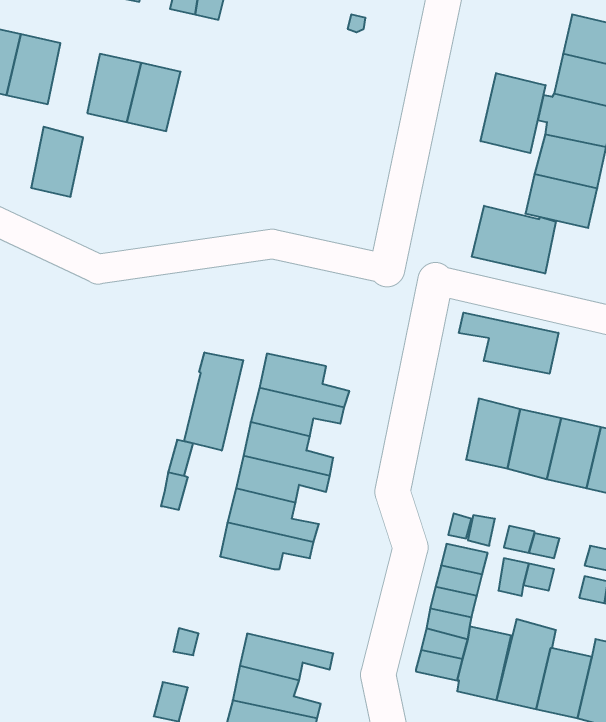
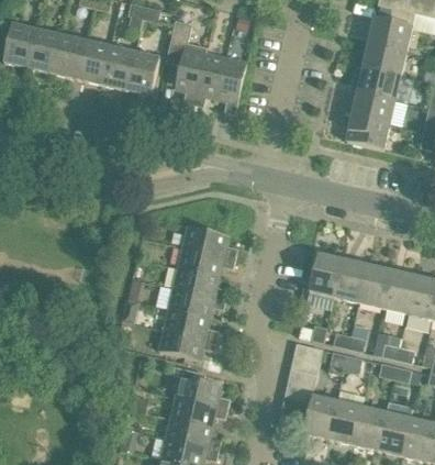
building: none -> [168,20,247,114]
building: none -> [126,53,160,95]
building: [481,73,546,153] -> none
building: [31,127,83,197] -> [54,35,86,78]
building: [472,206,556,274] -> none
building: [459,313,558,374] -> none
building: [184,352,243,451] -> none
building: none -> [172,366,231,409]

